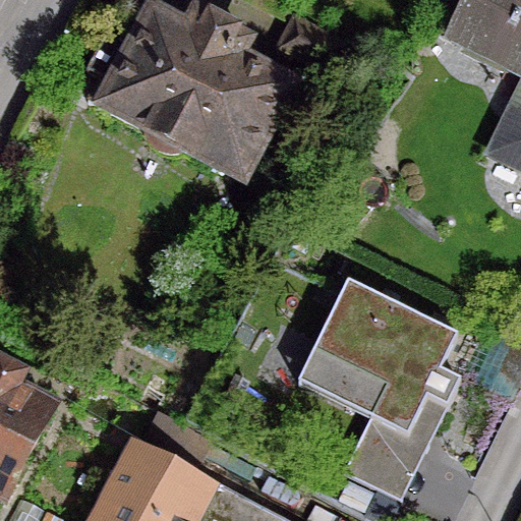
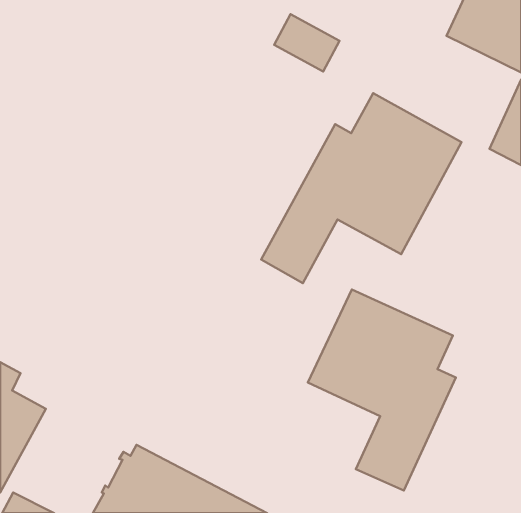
building: [80,9,288,169] -> none
building: none -> [261,93,461,283]

